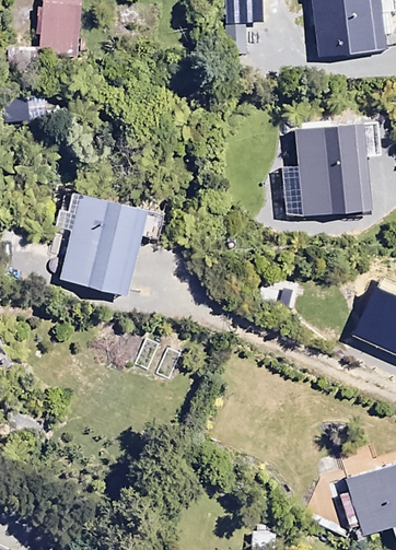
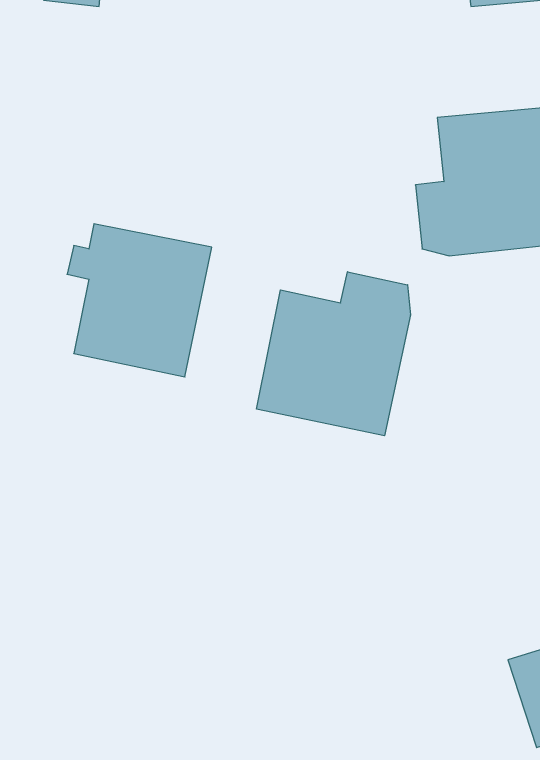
building: none -> [257,272,410,436]

